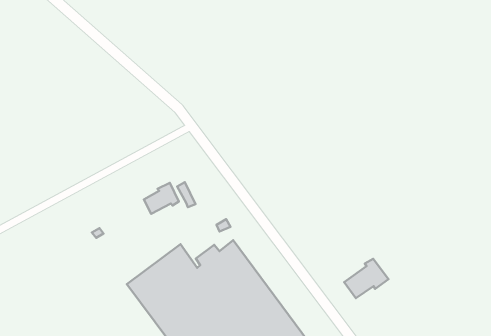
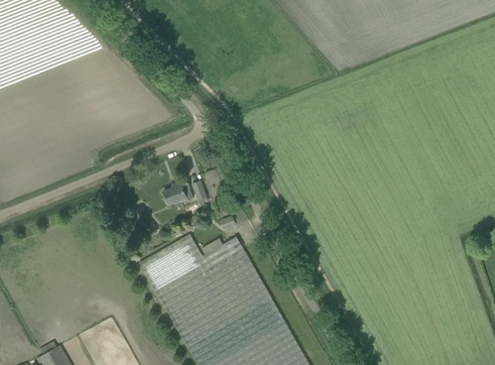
building: [344,259,388,298] -> none

